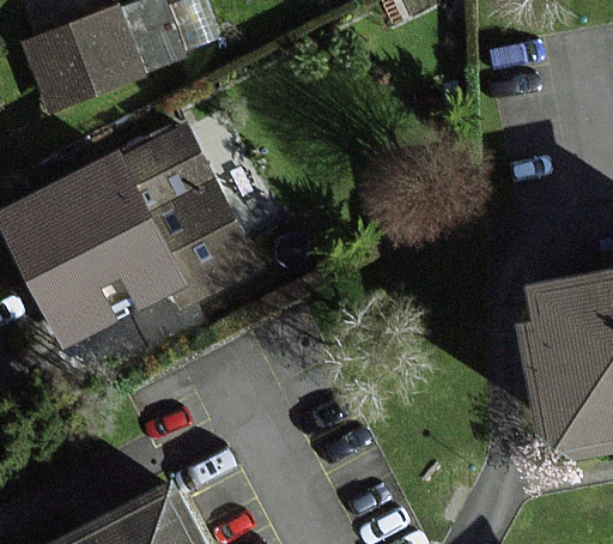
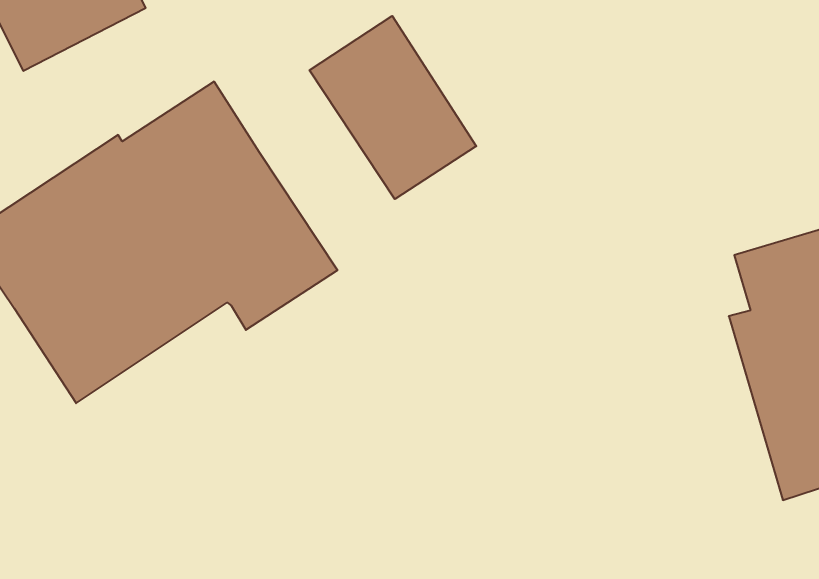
building: none -> [310,16,476,199]

